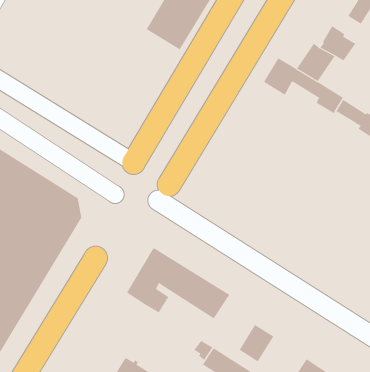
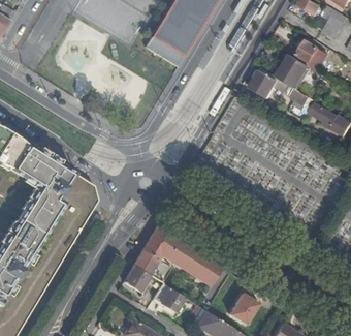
building: none -> [122,265,149,292]
building: none -> [151,283,184,314]

